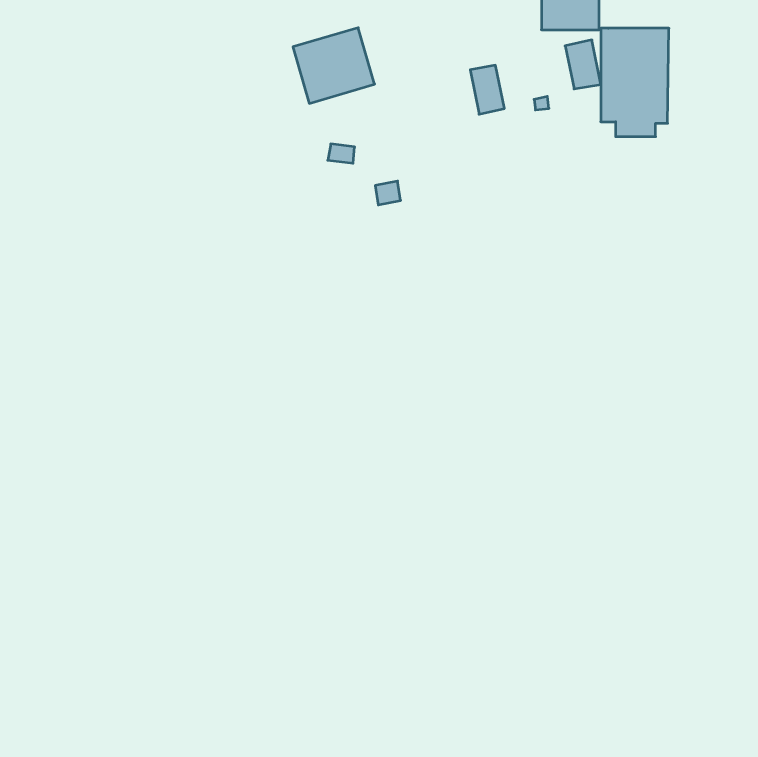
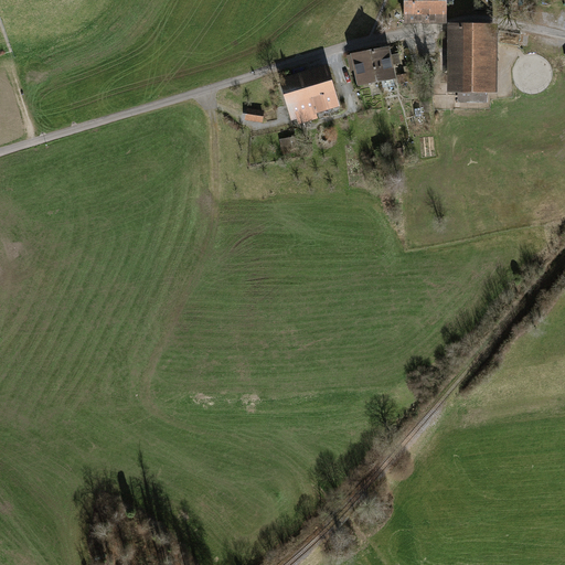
building: [293,28,375,103] -> [278,63,339,119]
building: [565,40,601,89] -> [369,44,395,81]

